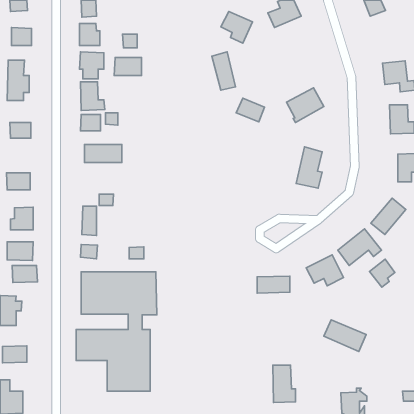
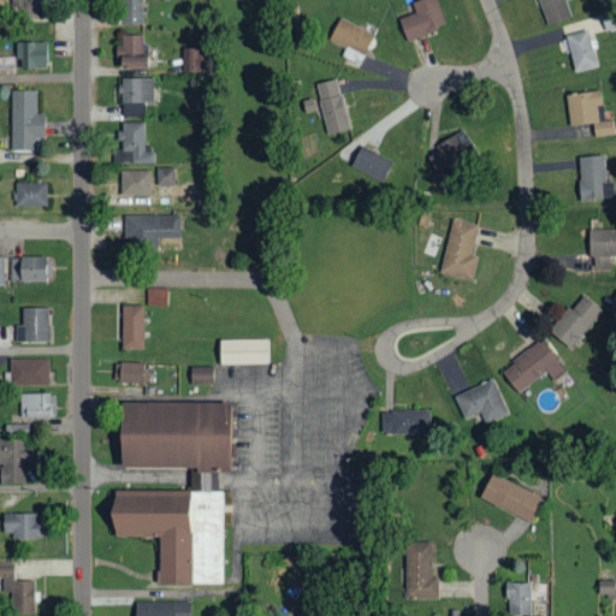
building: none -> [567,30,598,73]
building: [114,58,141,76] -> none
building: none -> [220,339,268,366]
building: [369,259,395,287] -> none

